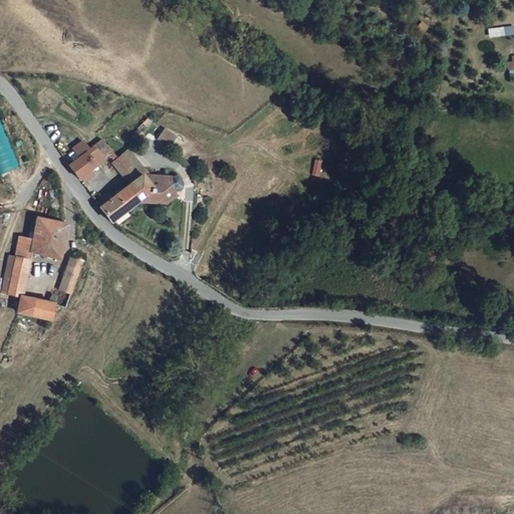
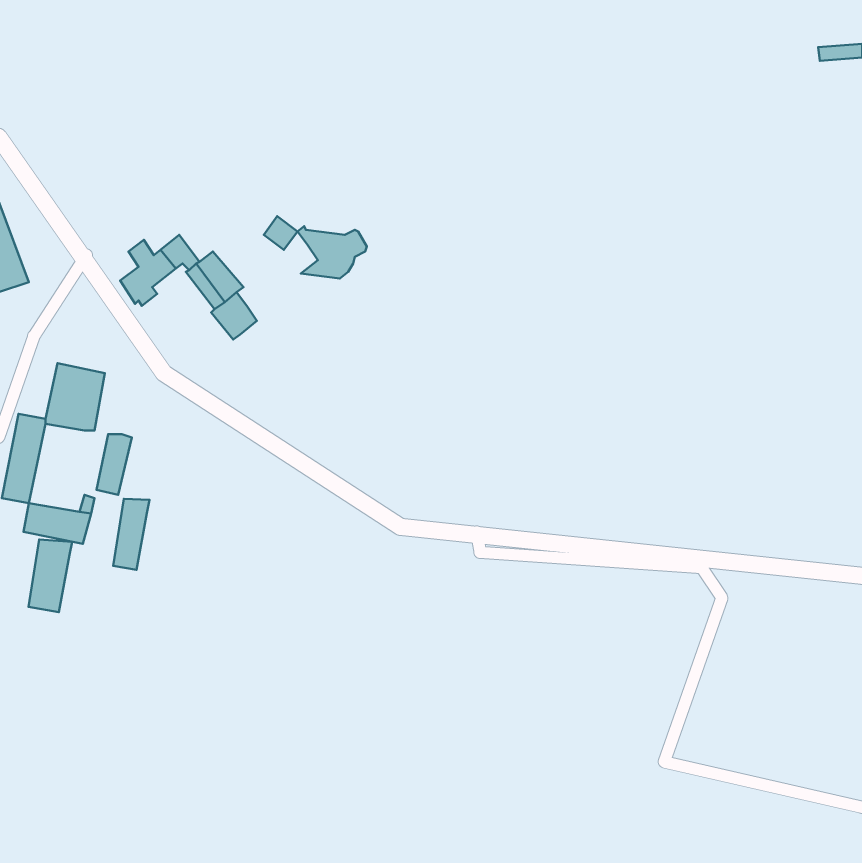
building: [141,171,182,202] -> [297,226,367,279]
building: [95,186,139,222] -> none
building: none -> [113,499,150,570]
building: none -> [29,539,72,612]

